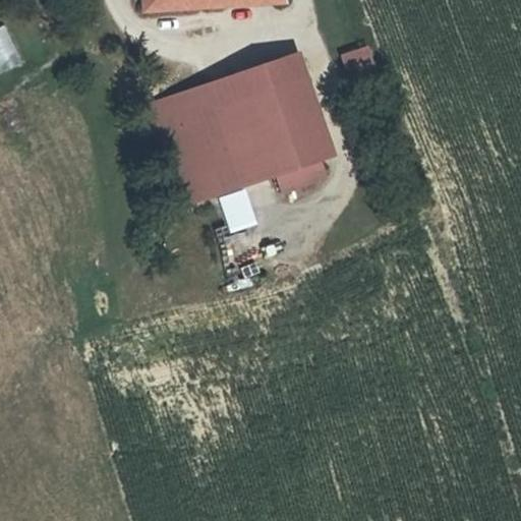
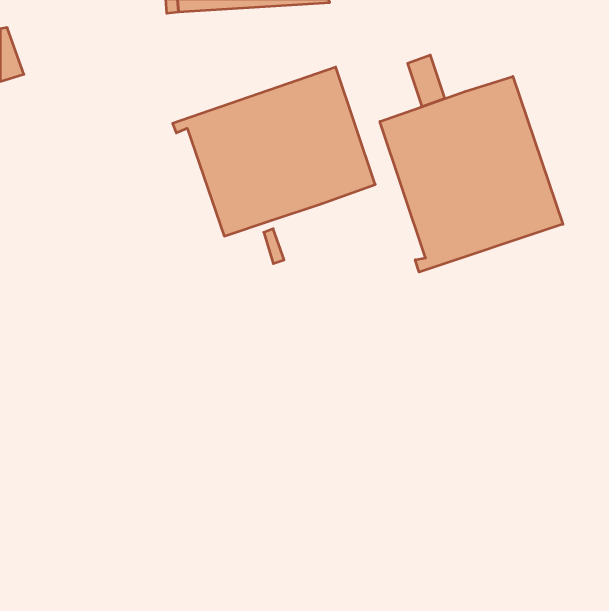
building: none -> [380,76,563,272]
building: [276,157,329,193] -> none

